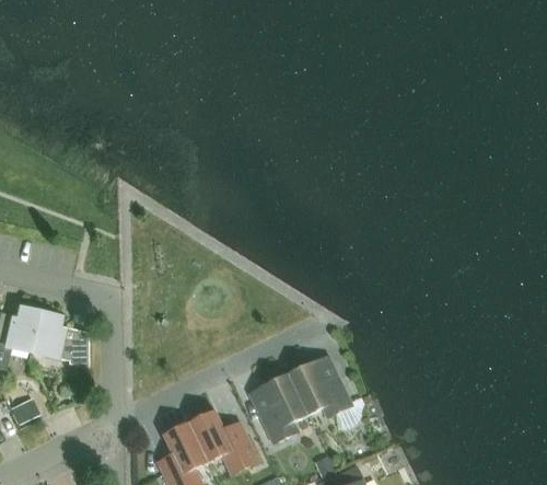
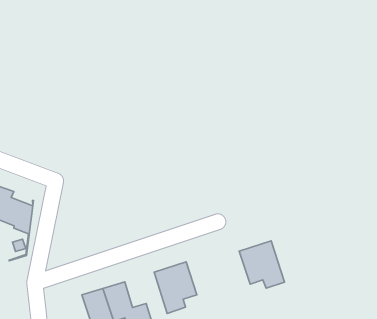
building: [288,356,350,416] -> [239,241,284,288]

